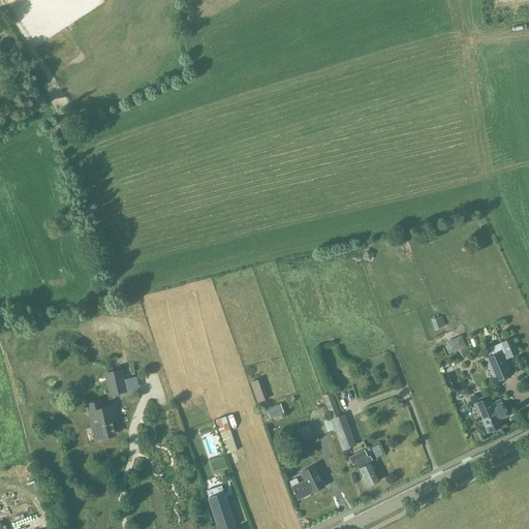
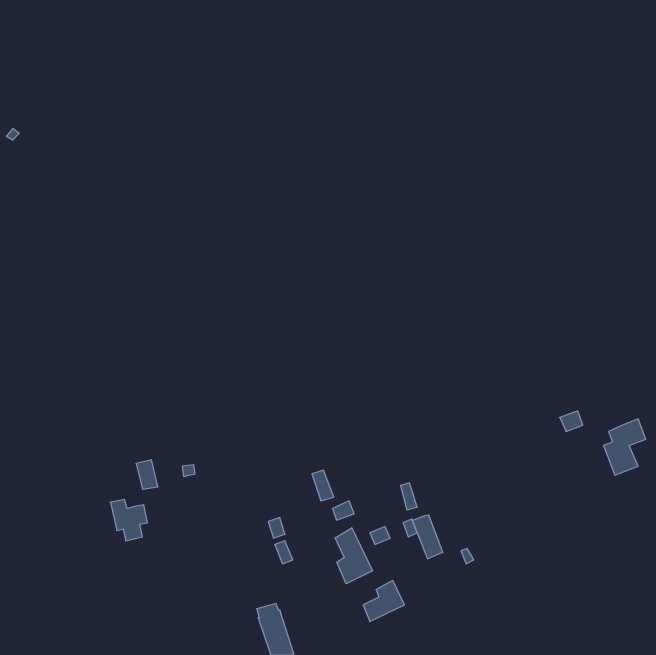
building: [474,398,508,433] -> none
building: none -> [335,528,373,584]
building: [350,449,380,487] -> none

